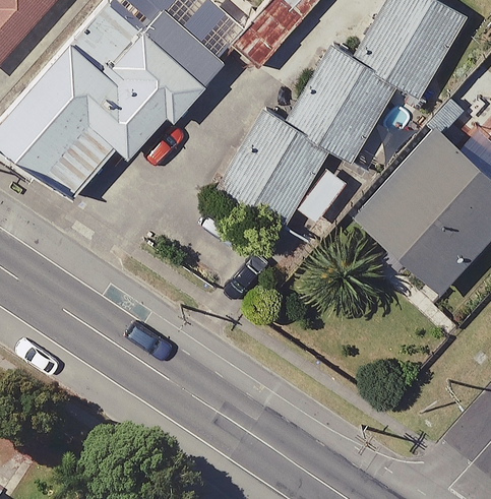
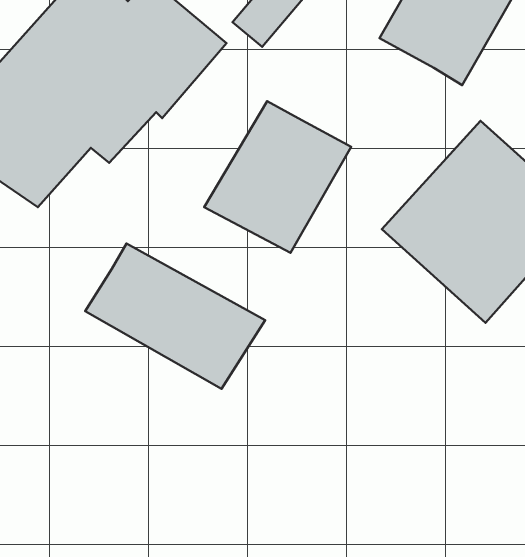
building: [287,44,398,161] -> none
building: none -> [85,243,265,389]

